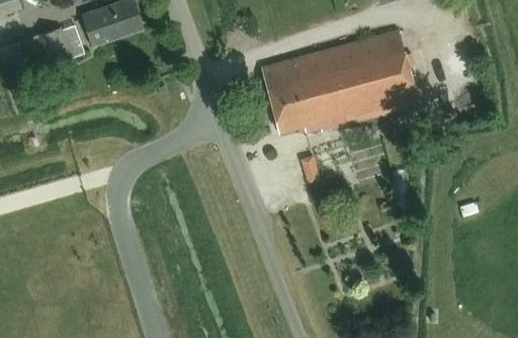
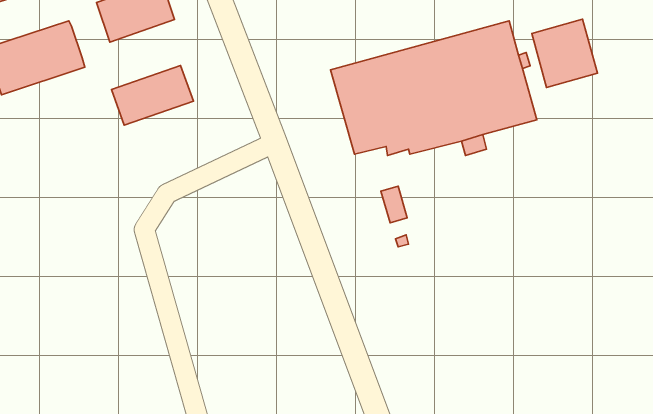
building: none -> [532,19,597,87]
building: none -> [111,66,194,125]

